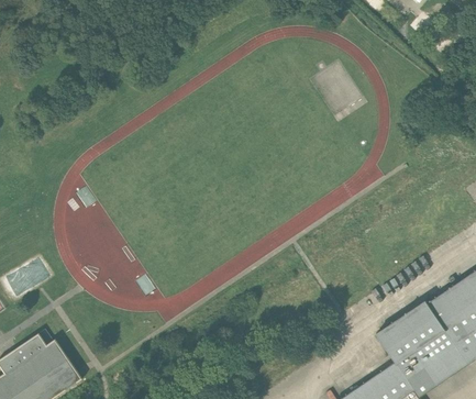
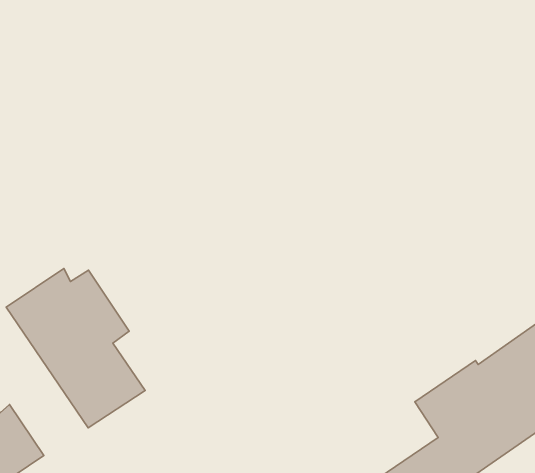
building: none -> [6,268,145,428]

